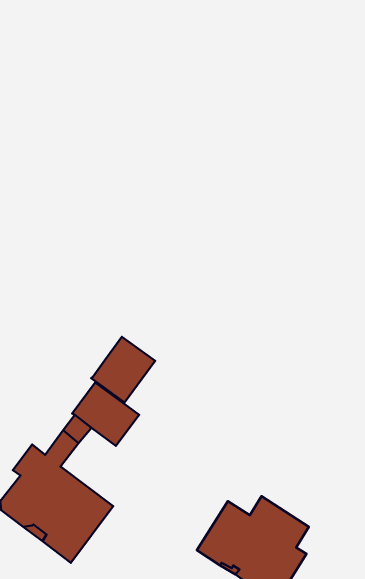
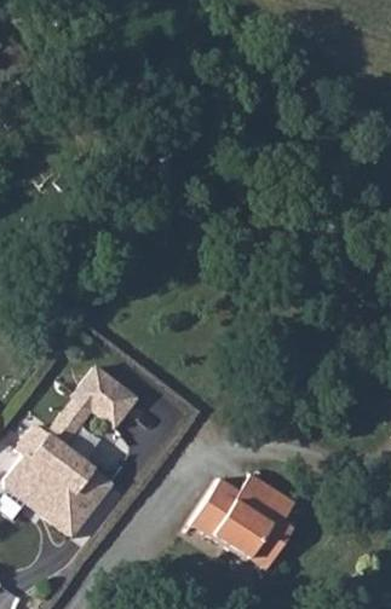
building: [91,337,155,402] -> none

